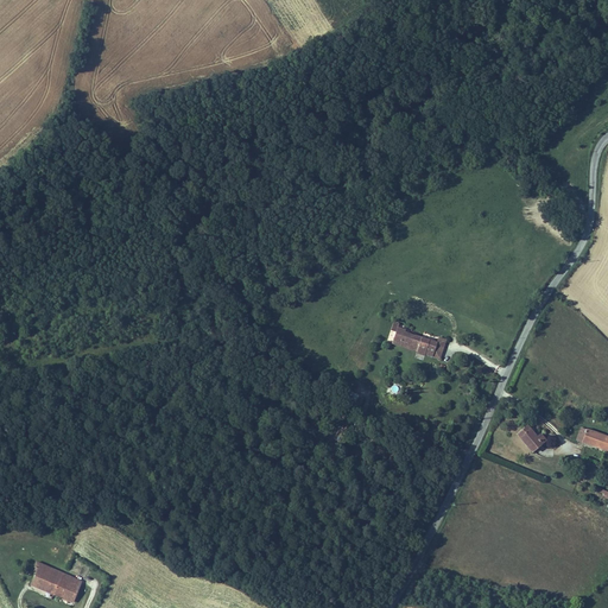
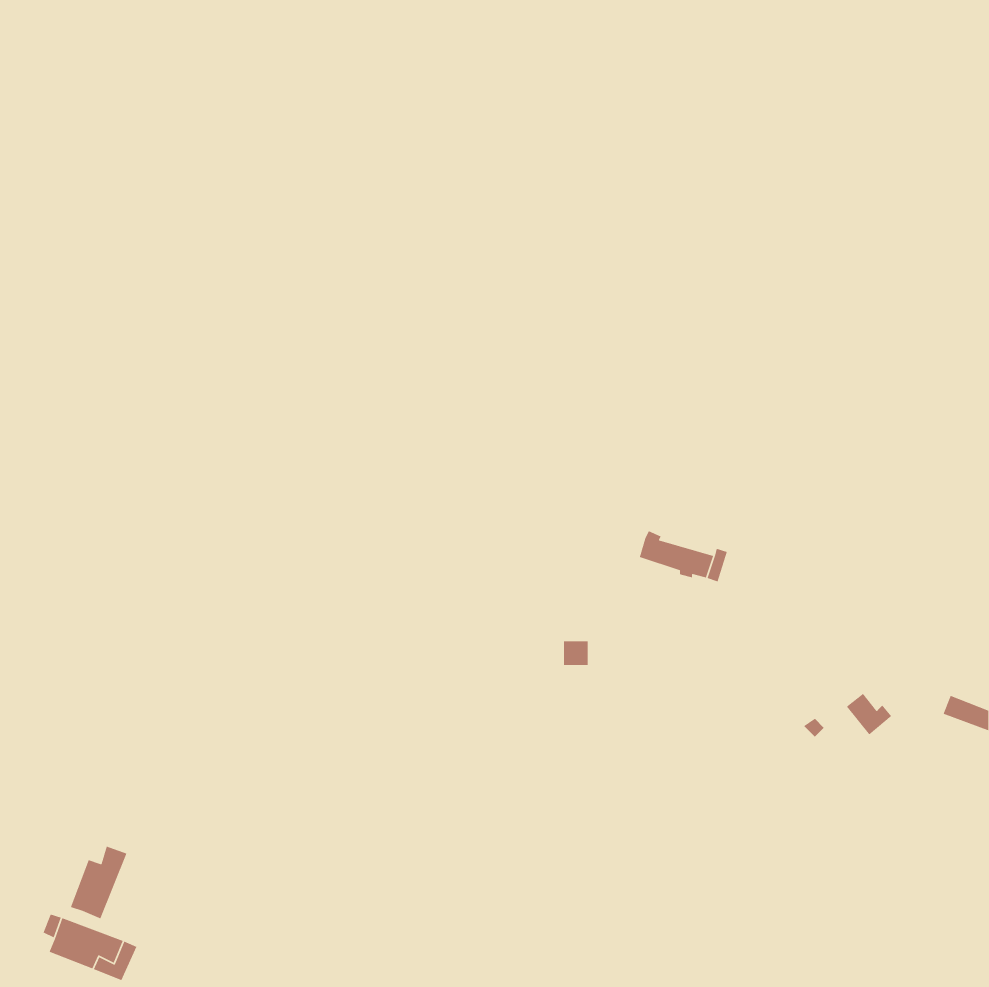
building: none -> [70,846,127,919]

